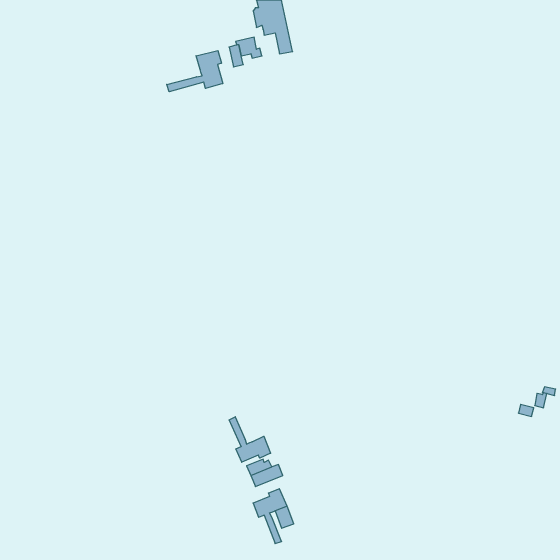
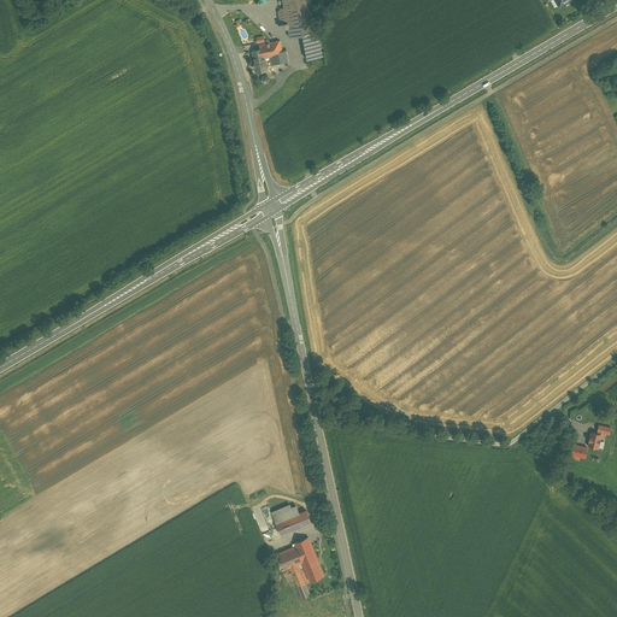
building: [167,51,223,92] -> none
building: [229,417,271,462] -> none

